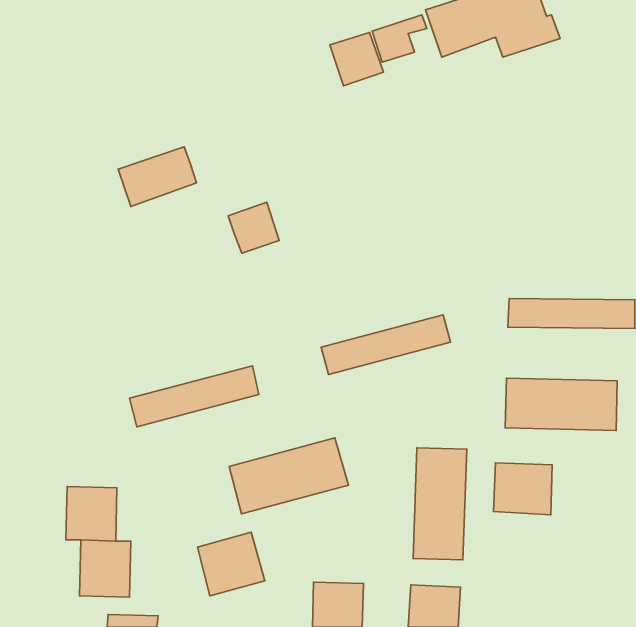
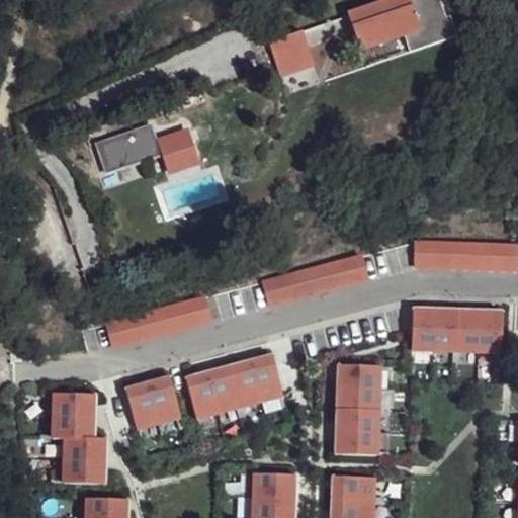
building: [228,202,279,253] -> [155,122,196,164]
building: [494,463,552,515] -> none
building: [198,532,265,596] -> [126,378,181,430]

